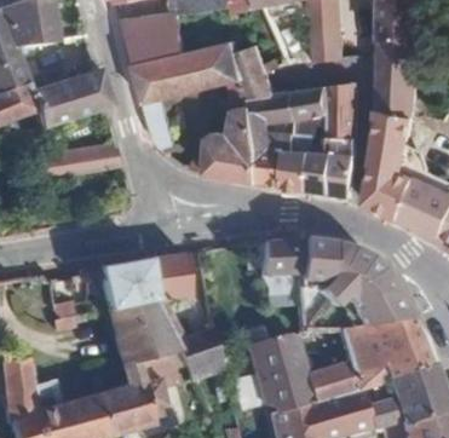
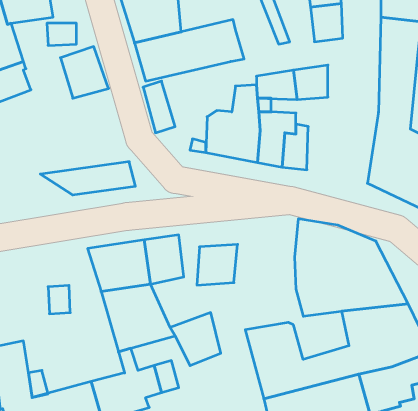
building: [234,45,275,105] -> none
building: [30,77,79,127] -> none
building: [329,80,357,138] -> none
building: [28,142,121,174] -> [40,162,135,195]
building: [309,145,357,194] -> none
building: [260,236,300,276] -> [197,244,238,285]

